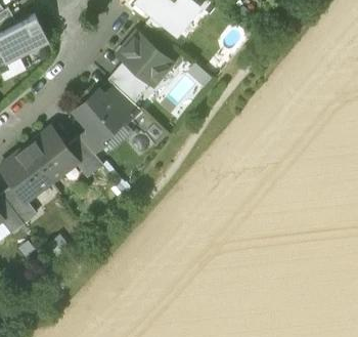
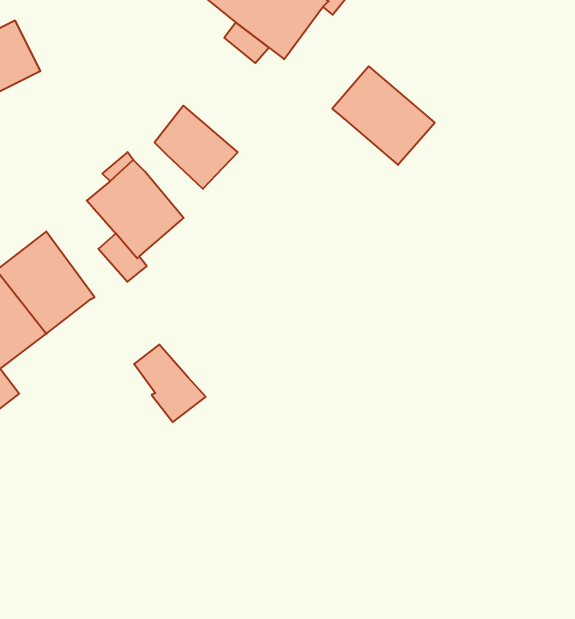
building: [117,33,171,85] -> [332,66,435,165]
building: [102,86,139,123] -> none
building: [64,136,102,177] -> [134,345,206,422]

